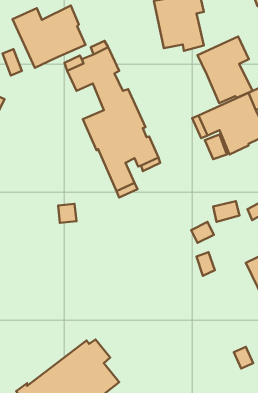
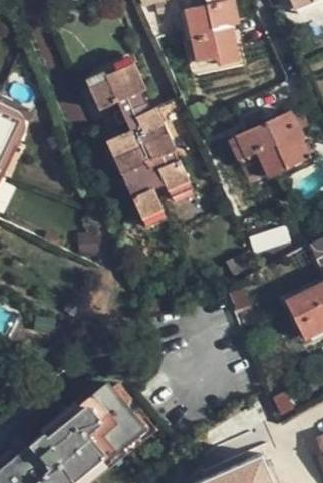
building: [13,6,85,68] -> none
building: [197,37,252,103] -> none

